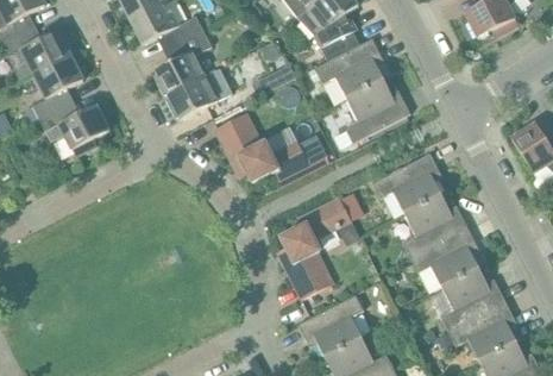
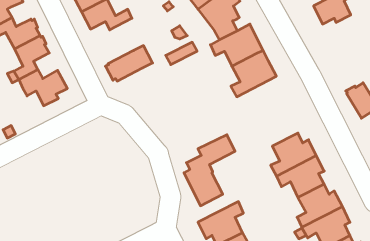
building: [153,29,212,94] -> none
building: [214,112,326,181] -> none
building: [372,152,441,213] -> none

